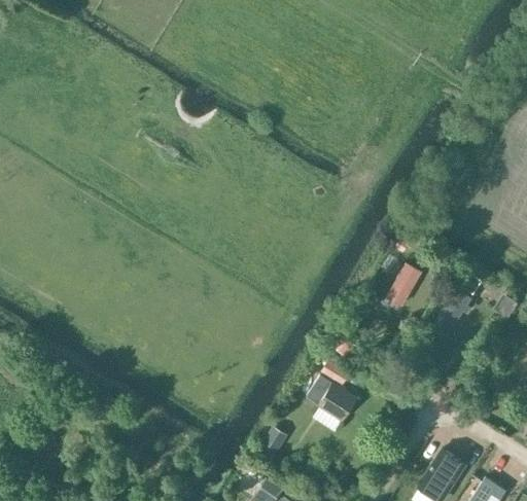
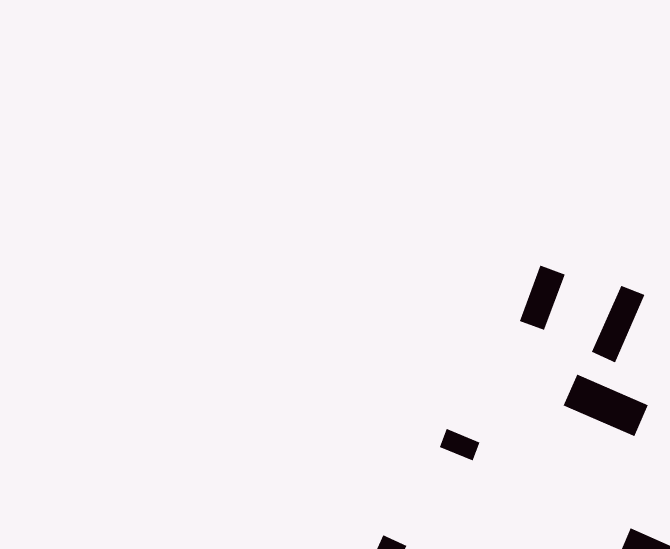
building: none -> [562,374,649,437]
building: [304,384,354,423] -> none

